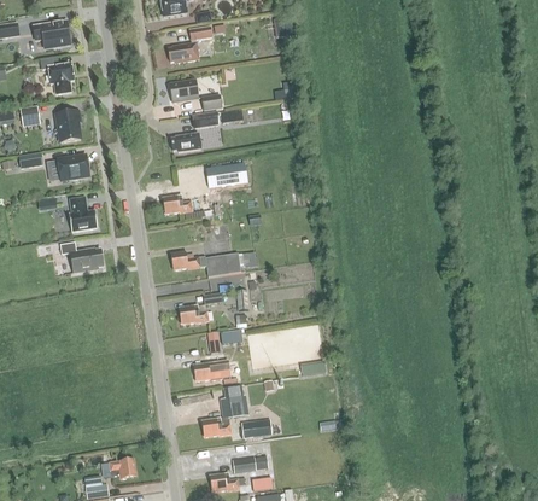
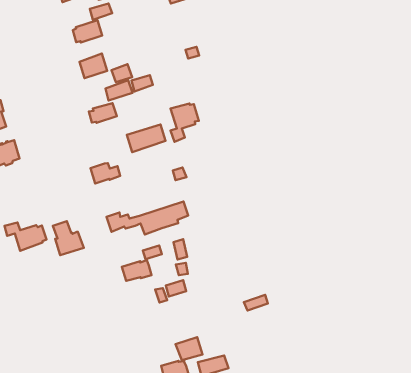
building: none -> [170,104,199,142]
building: [69,197,98,232] -> [53,221,84,255]
building: [193,361,230,380] -> none

